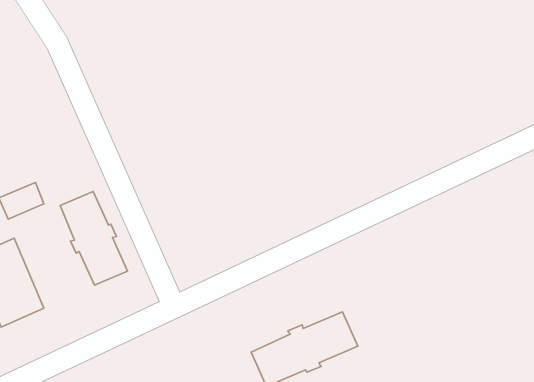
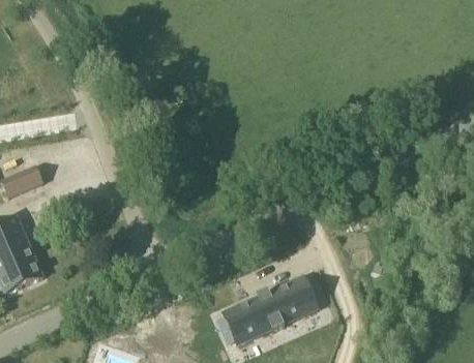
building: [60,191,128,285] -> none

